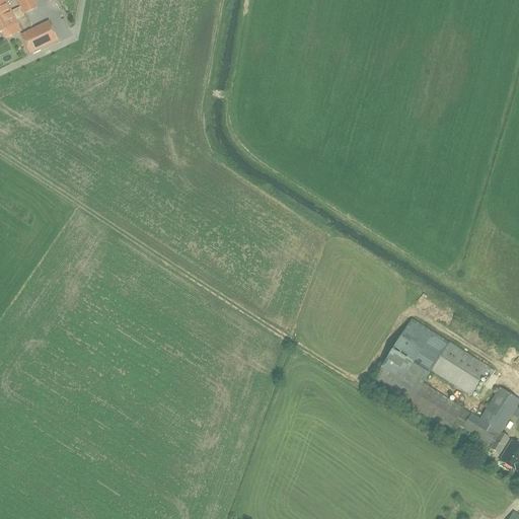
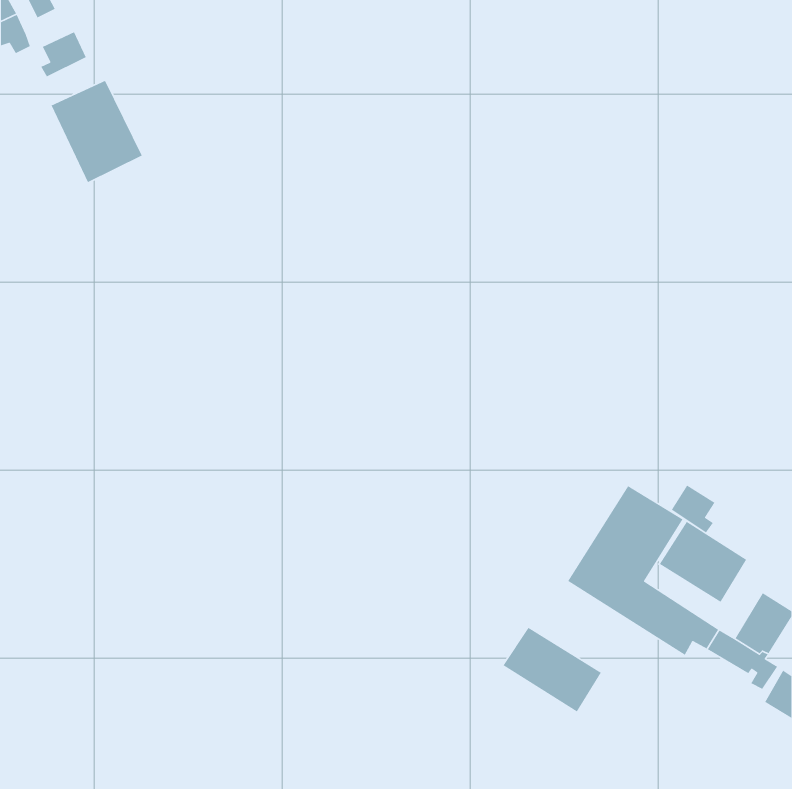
building: none -> [50,80,143,183]
building: none -> [671,484,716,533]
building: none -> [503,627,602,713]

